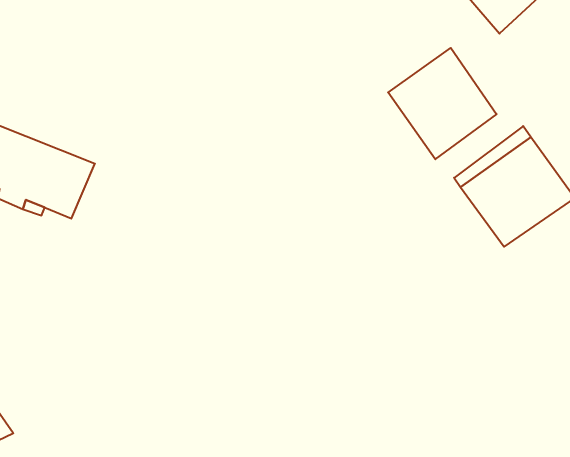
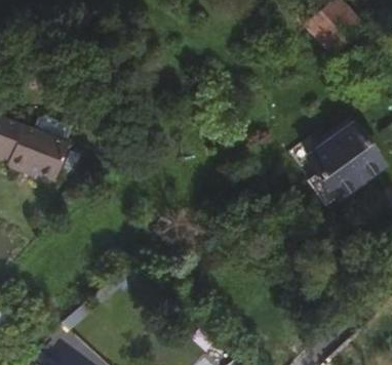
building: [388,48,497,159] -> none

